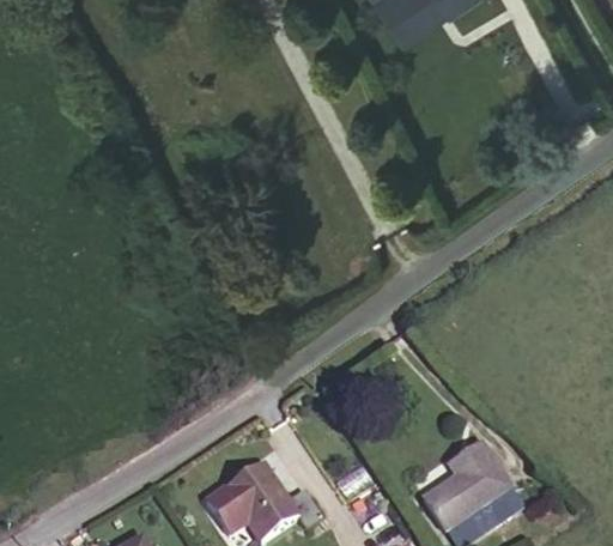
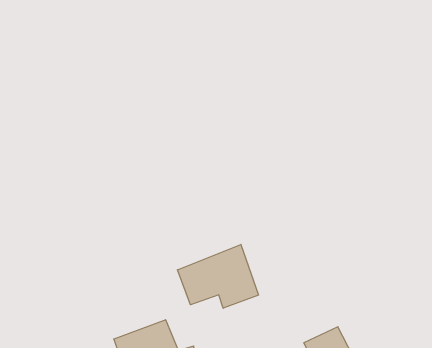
building: none -> [177,244,258,308]

